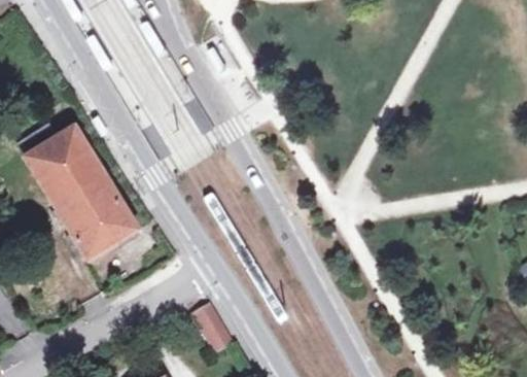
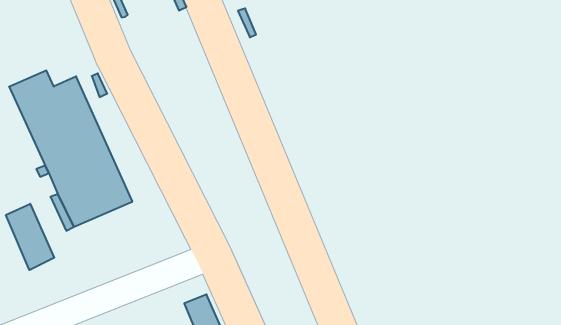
building: none -> [6,204,54,270]

